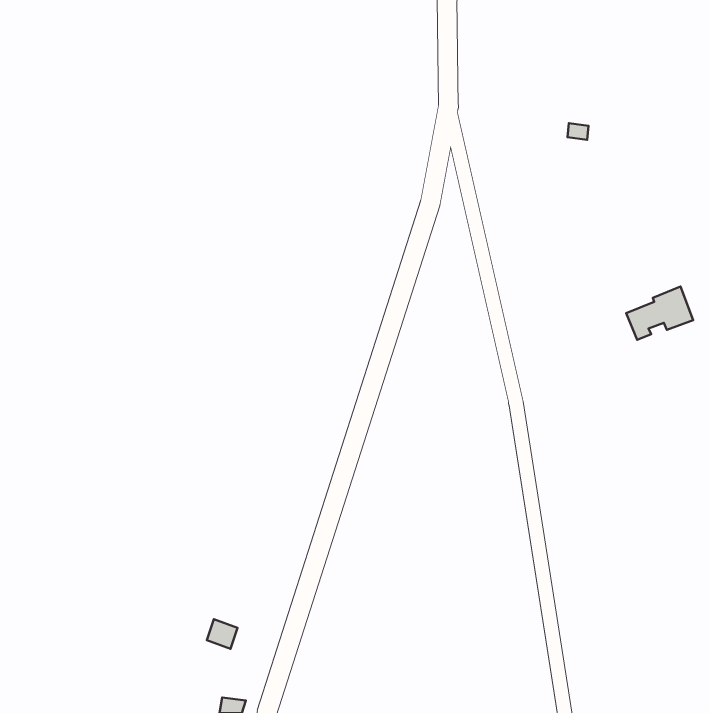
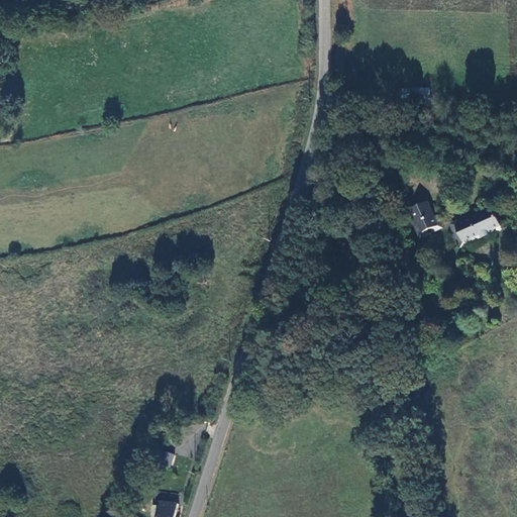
building: none -> [410,201,434,236]

